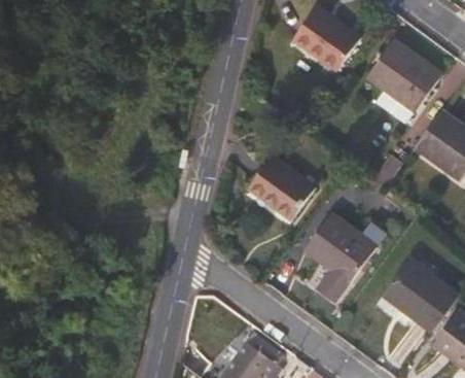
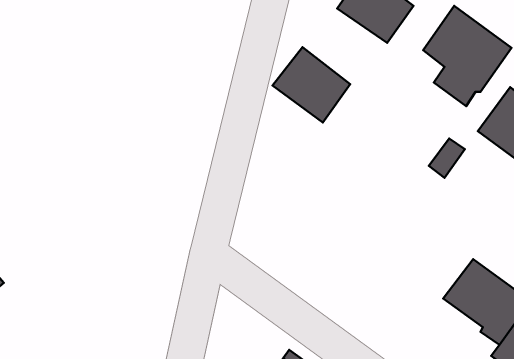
building: [247,153,314,218] -> [273,47,350,122]
building: [301,212,377,301] -> none

